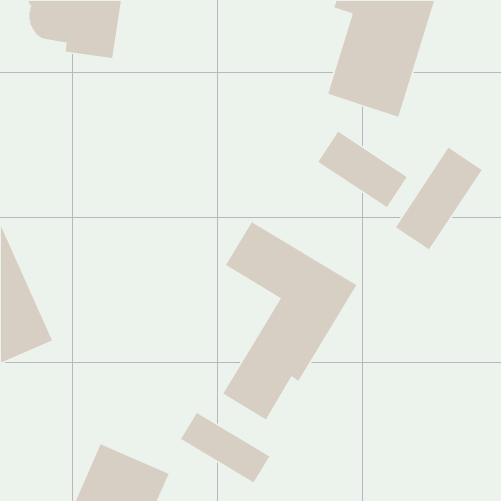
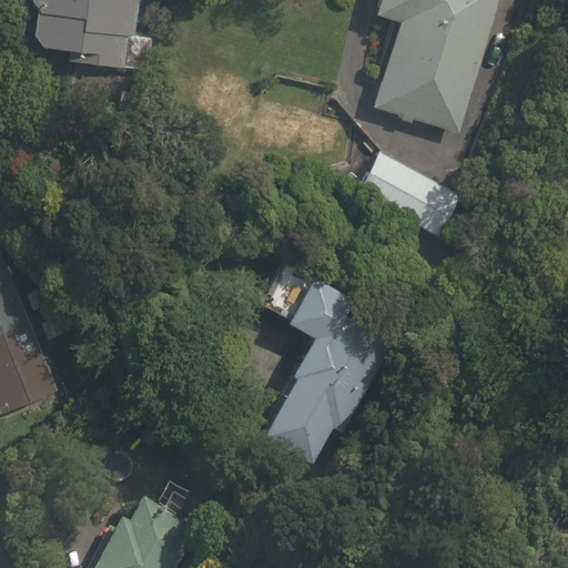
building: [395,147,483,251] -> none
building: [180,412,270,484] -> none

